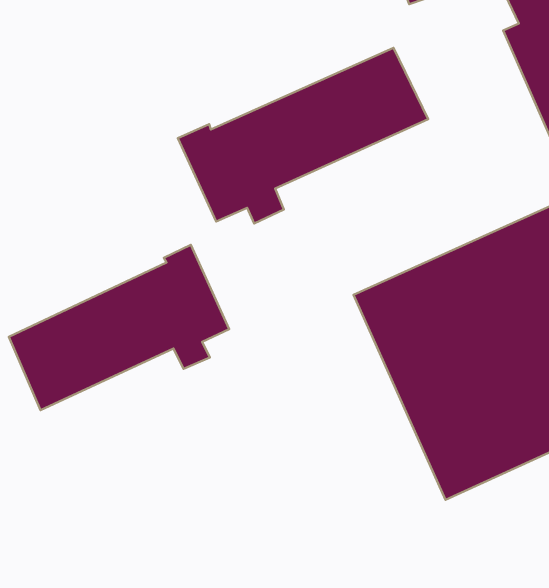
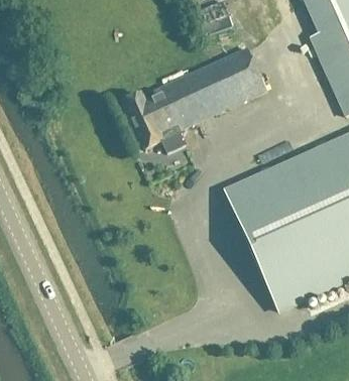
building: [9,245,229,410] -> none

